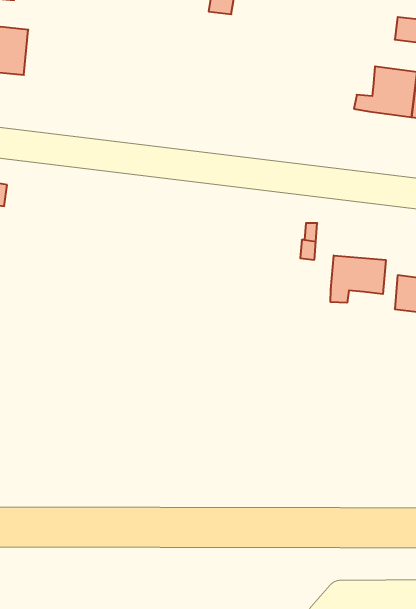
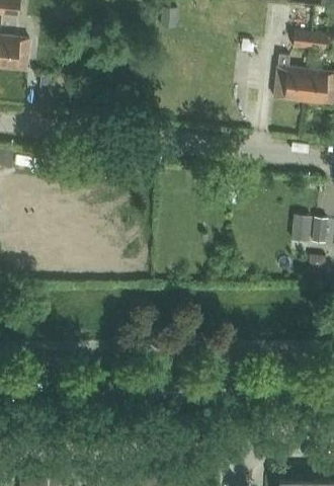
building: [331,255,386,303] -> none

